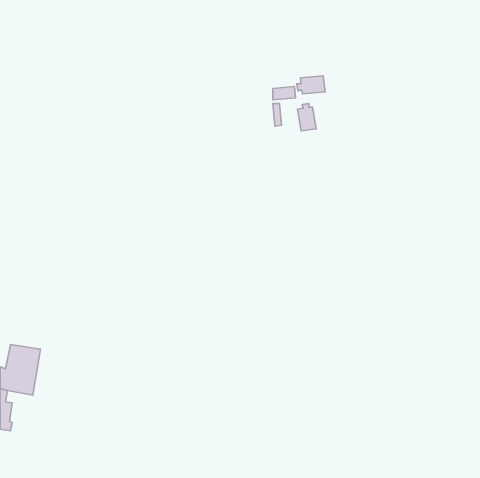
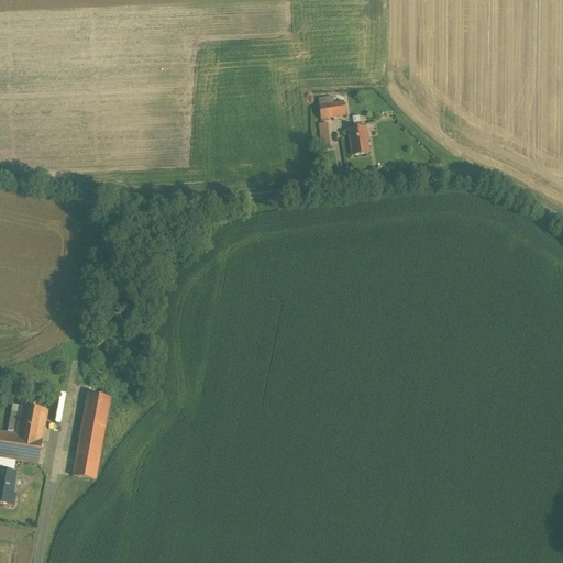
building: [297,76,325,94] -> none
building: none -> [74,390,111,477]

